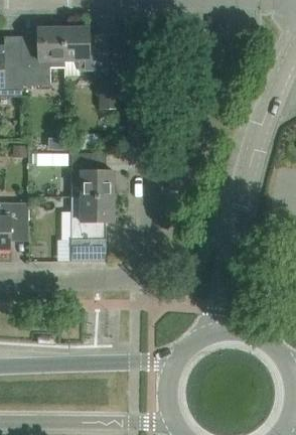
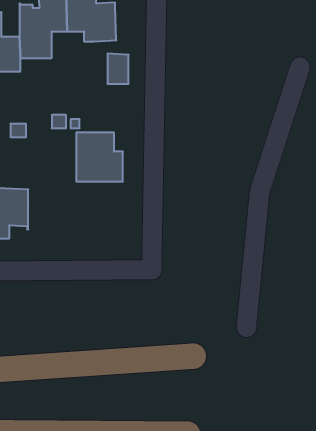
building: [70,196,114,261] -> none

